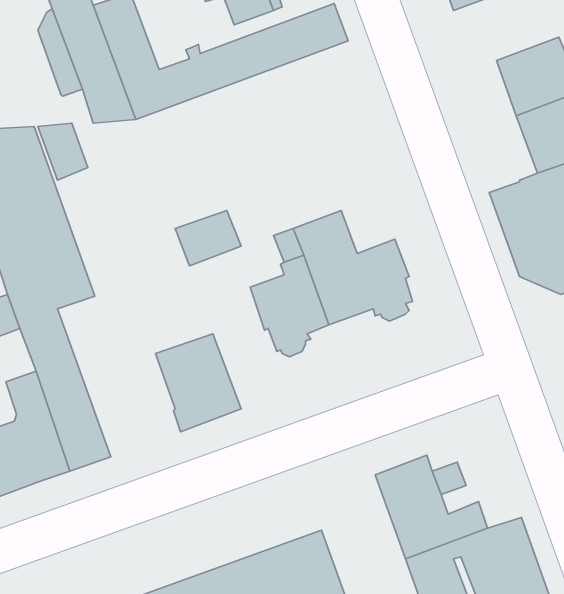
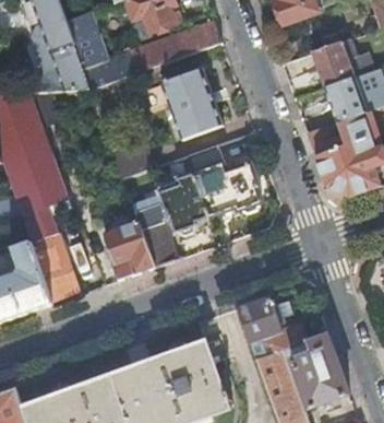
building: none -> [160,67,223,139]
building: none -> [136,207,177,266]

